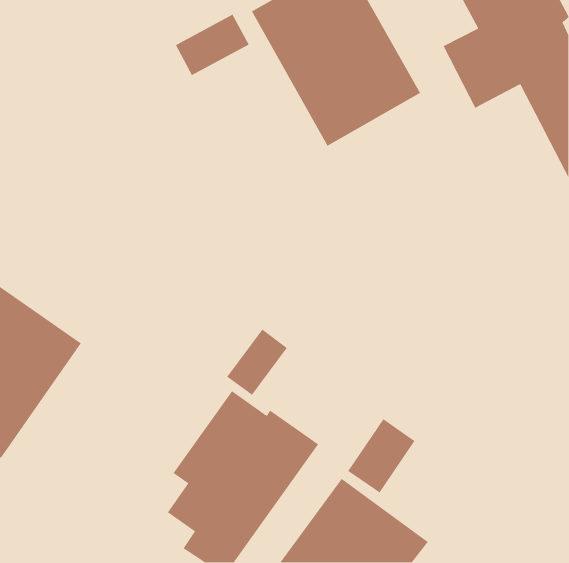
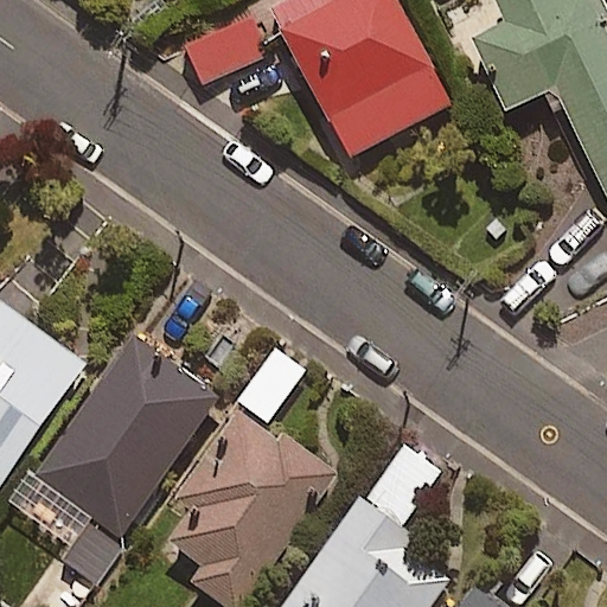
building: none -> [38,336,217,567]

